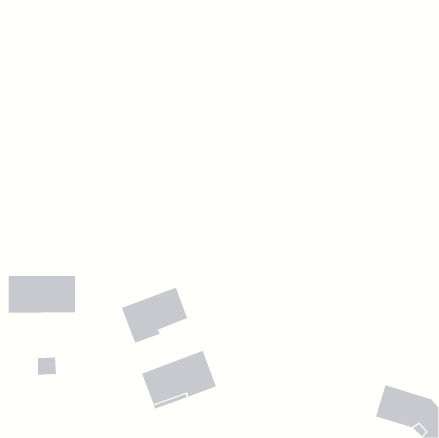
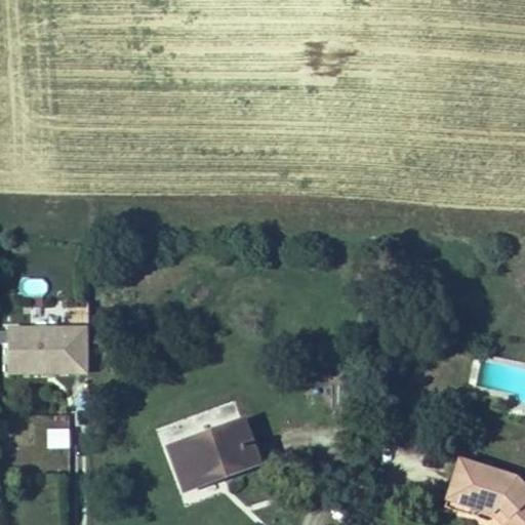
building: [121,287,188,344] -> none

